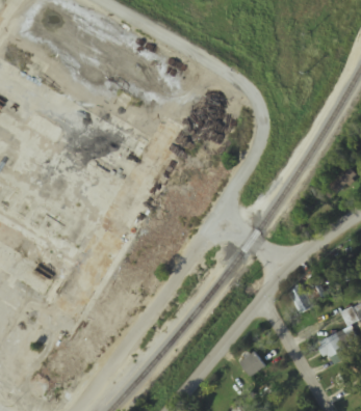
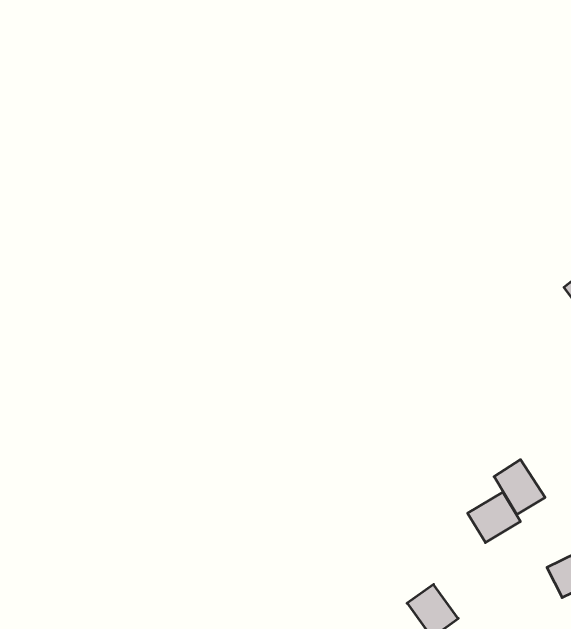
building: none -> [468,492,520,543]

